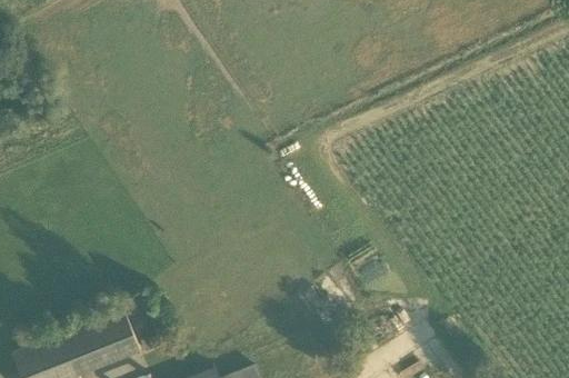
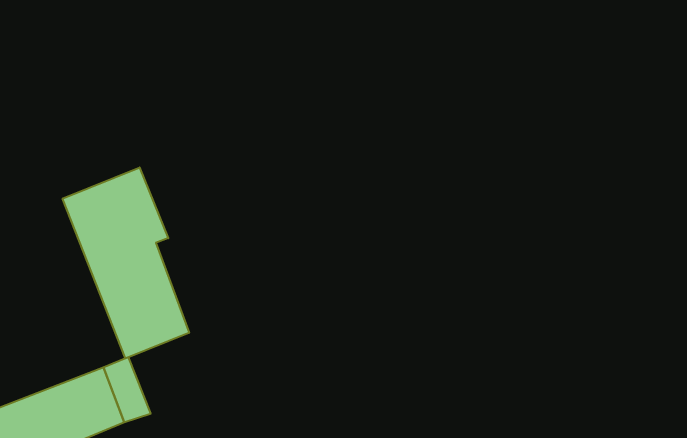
building: none -> [63,167,189,358]

